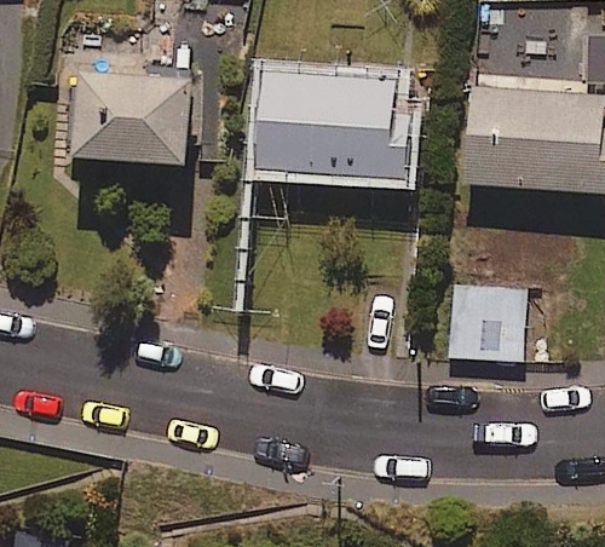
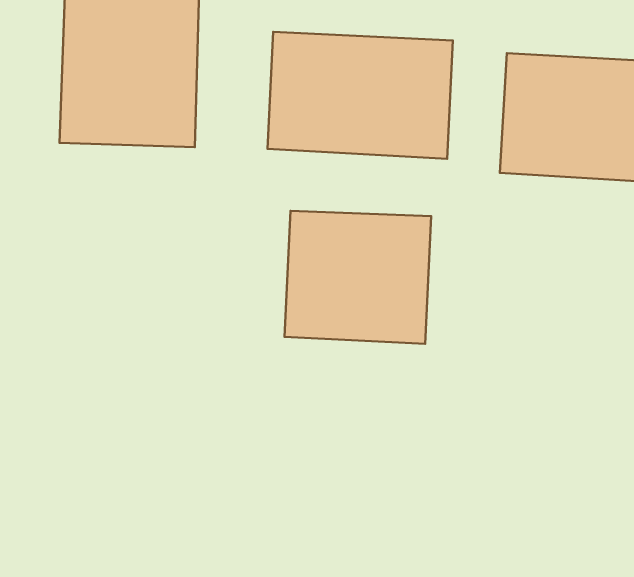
building: none -> [285,211,431,344]
building: [463,283,523,364] -> none

